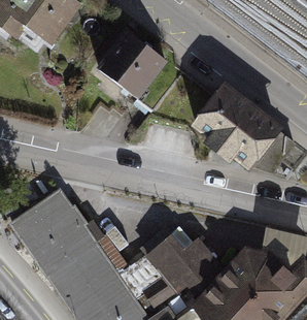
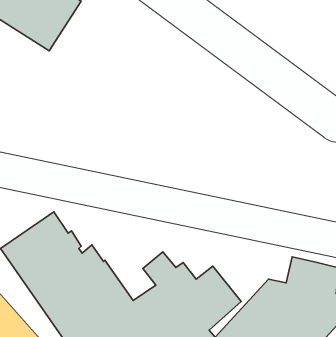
building: [97,32,169,104] -> none
building: [197,93,279,168] -> none

